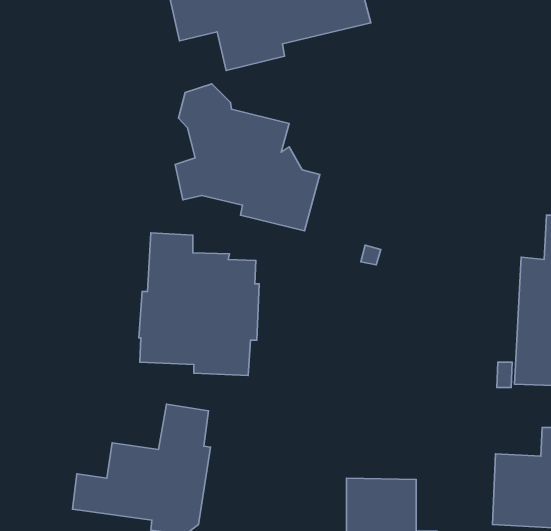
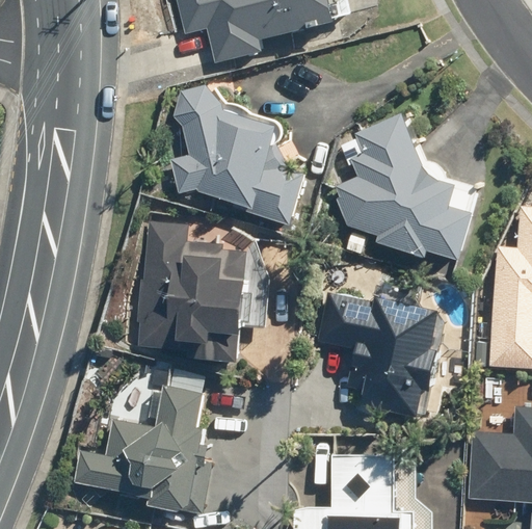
building: none -> [336,112,477,253]
building: none -> [318,293,438,413]

